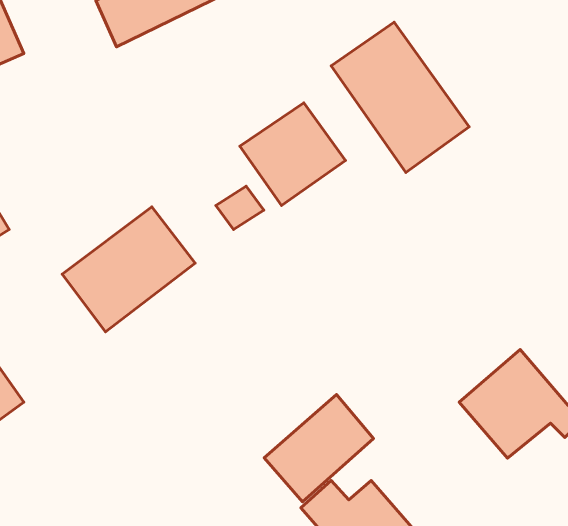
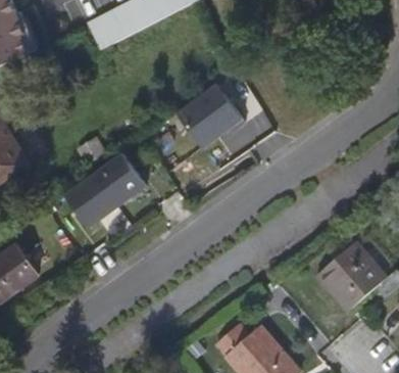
building: [331,22,469,172] -> none
building: [264,394,373,502] -> none

